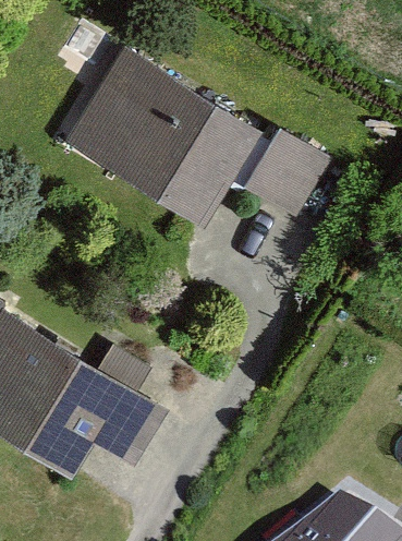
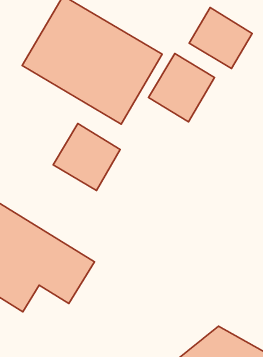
building: none -> [189,8,252,69]
building: none -> [53,123,120,191]

